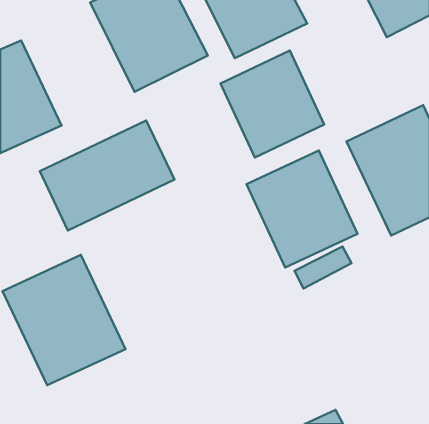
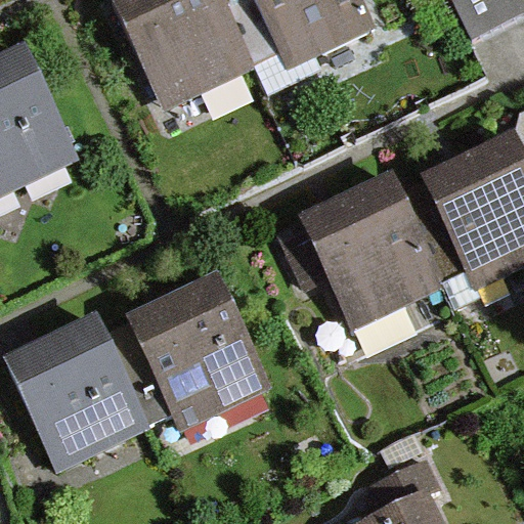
building: [220,51,324,157] -> none
building: [40,120,174,231] -> none
building: none -> [127,268,274,428]

